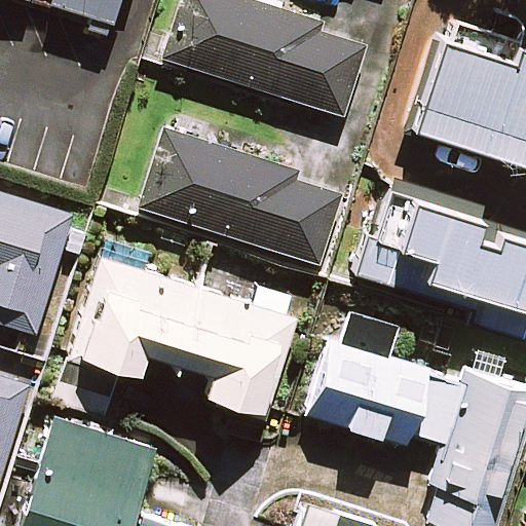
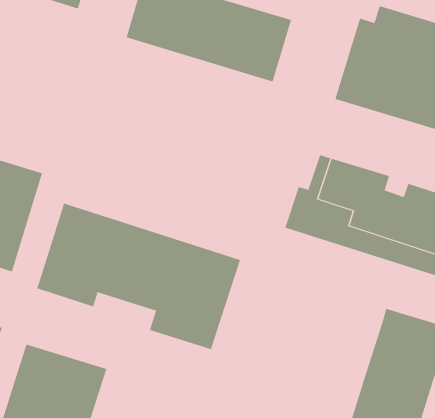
building: [140,129,346,260] -> none
building: [305,340,464,451] -> none

